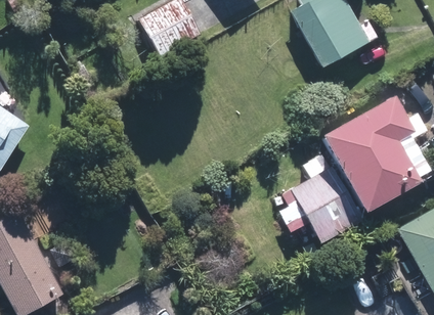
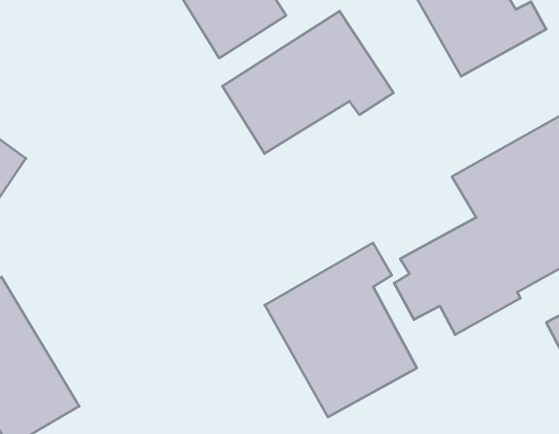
building: none -> [222,11,393,154]
building: none -> [265,243,417,417]

